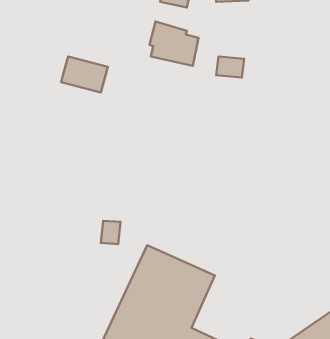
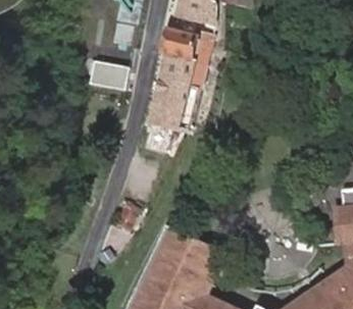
building: none -> [153,61,204,136]

